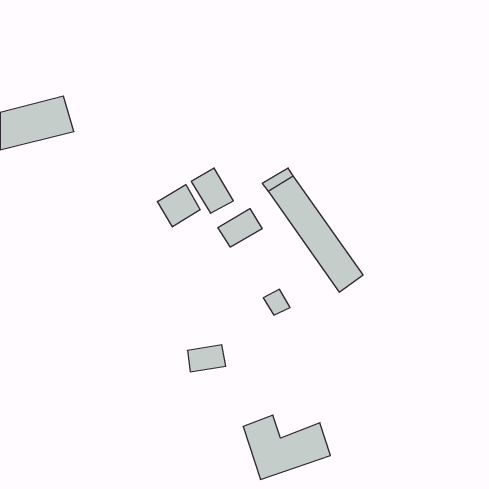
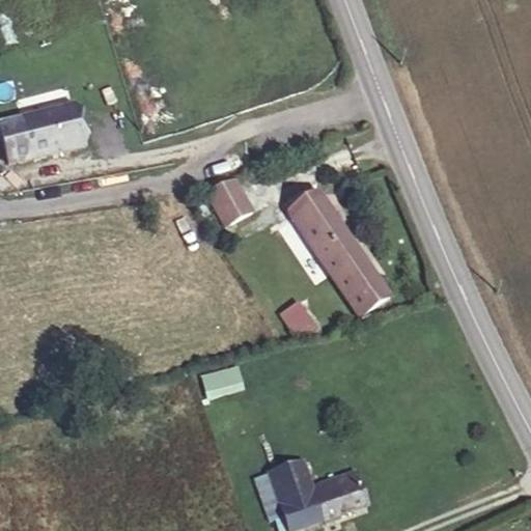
building: [157,185,200,227] -> none
building: [218,209,262,247] -> none

